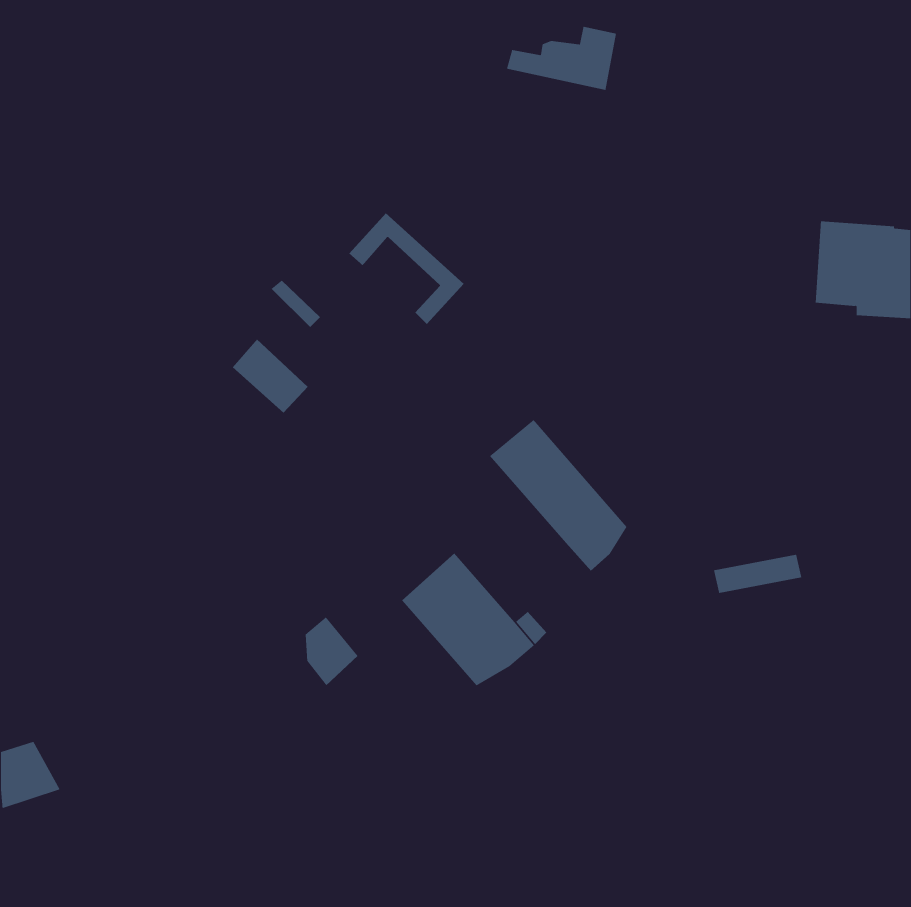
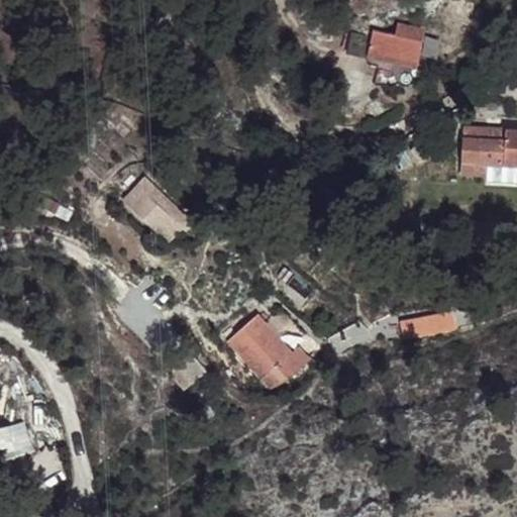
building: [506,26,617,90] -> [356,23,419,60]
building: [349,213,464,325] -> [123,178,189,241]
building: [489,419,627,572] -> none

